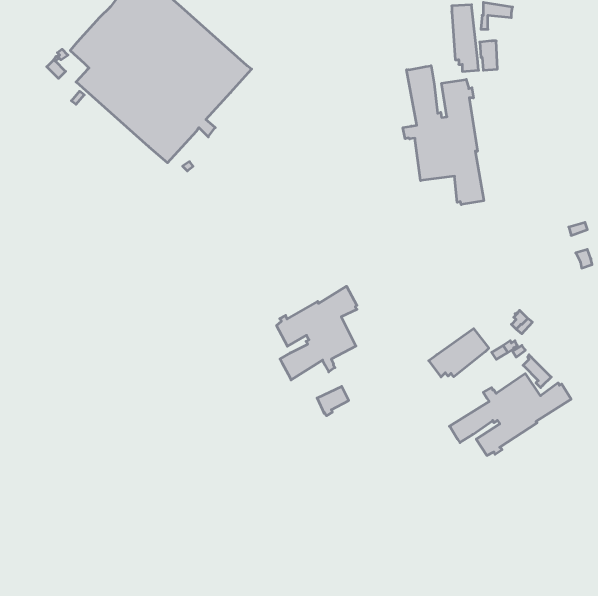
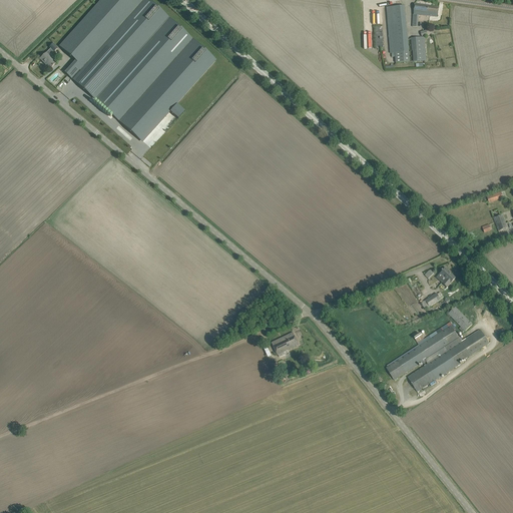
building: [403,66,484,205] -> none
building: [277,286,357,380] -> none
building: [429,329,489,377] -> none

